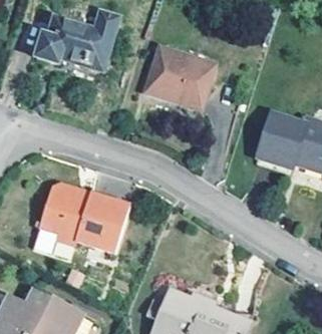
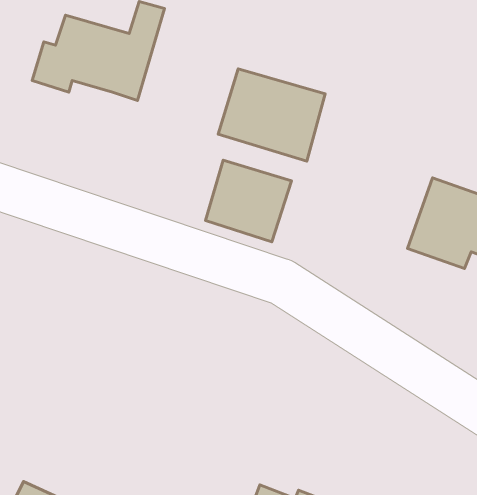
building: none -> [205,160,292,242]
building: [37,185,123,248] -> none

